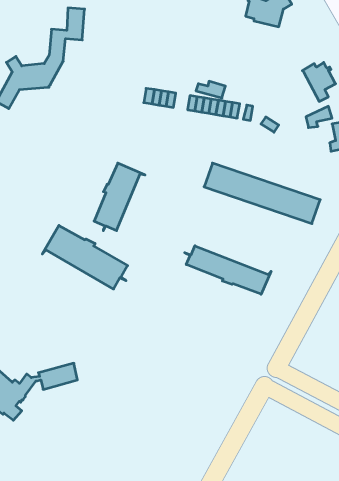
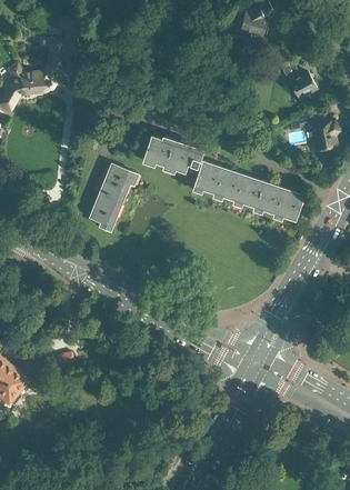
building: none -> [142,134,202,171]
building: [42,225,128,289] -> none
building: [185,246,271,294] -> none

